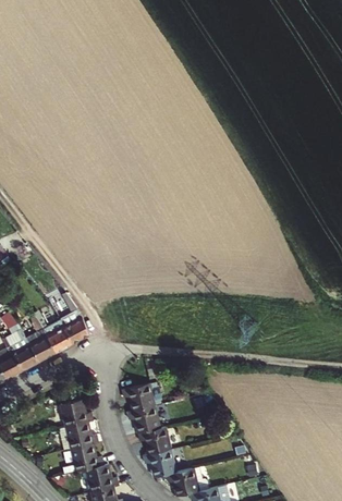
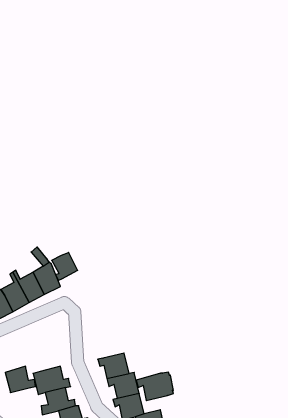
building: none -> [52,252,78,281]
building: [122,381,162,412] -> [136,372,173,401]
building: [60,398,93,426] -> [5,366,36,393]

